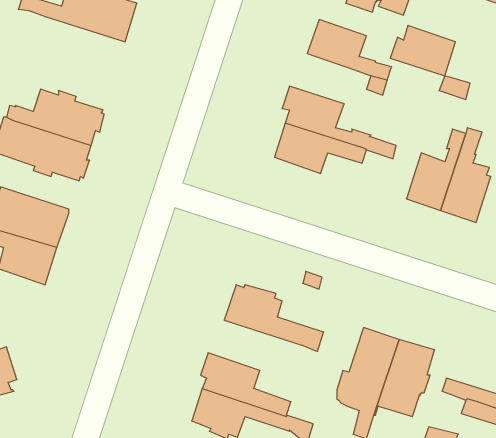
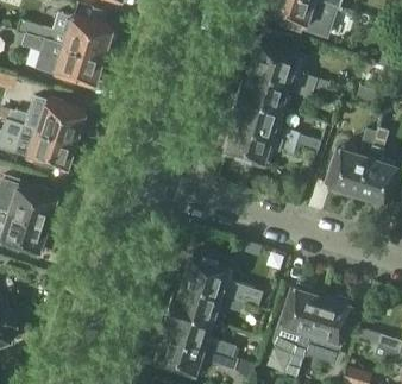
building: none -> [23,32,103,86]
building: [390,25,455,76] -> [235,67,288,107]
building: none -> [170,281,246,321]

